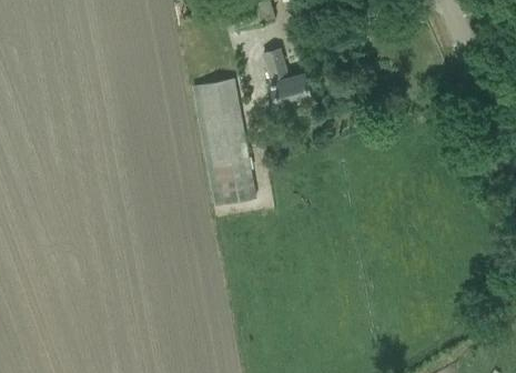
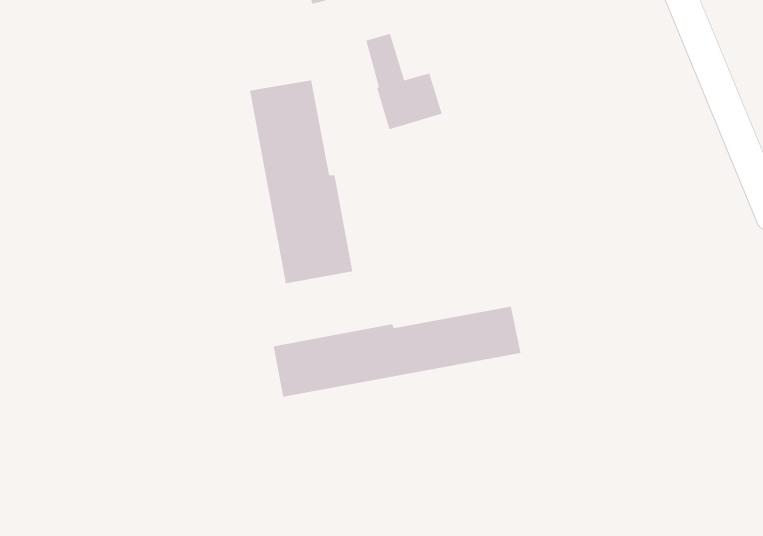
building: none -> [273,306,521,398]

